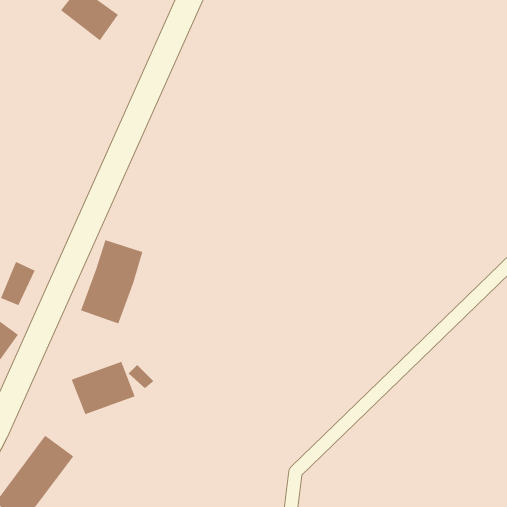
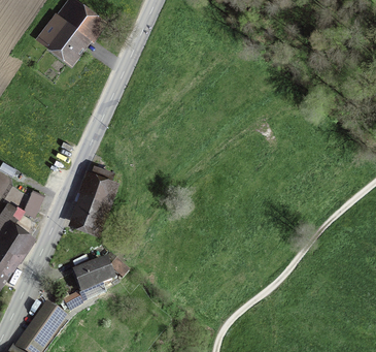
building: none -> [45,19,90,62]

